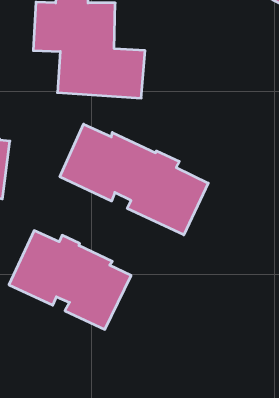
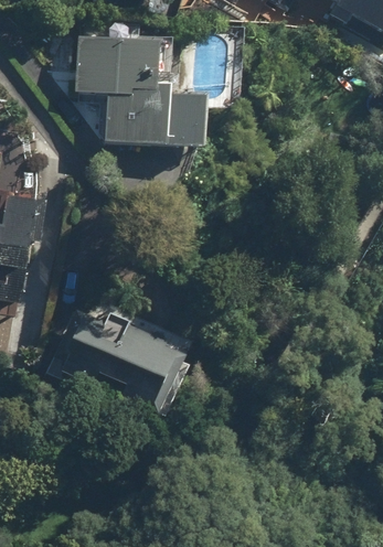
building: [60,124,208,235] -> none

